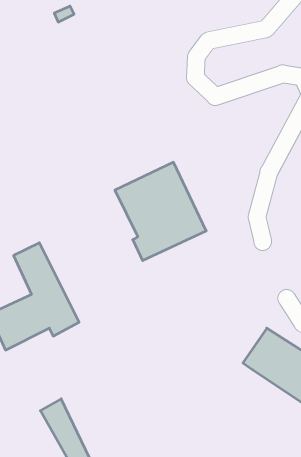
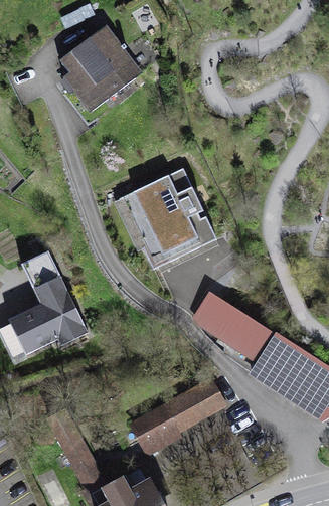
building: none -> [60,27,145,108]
building: none -> [193,294,271,359]
building: none -> [133,380,223,448]

